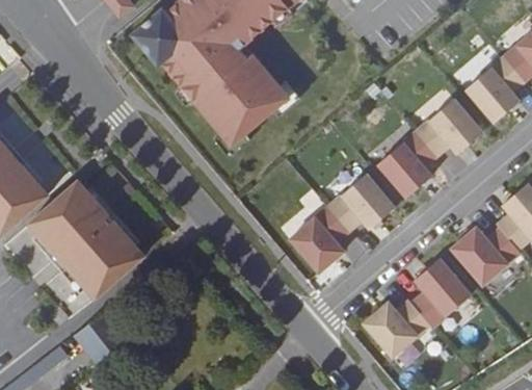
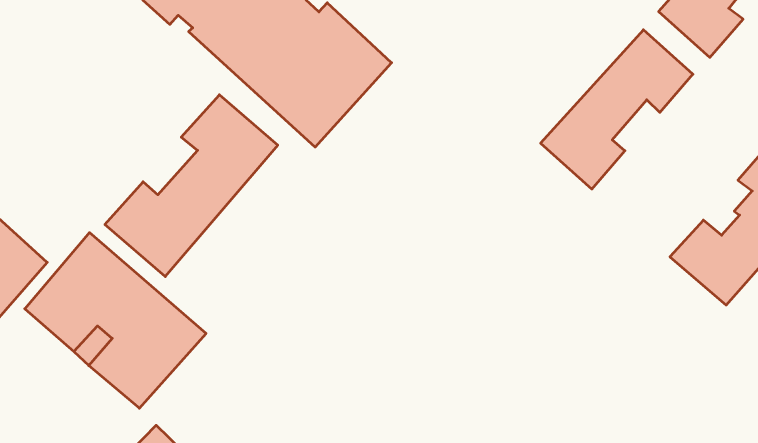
building: none -> [105,95,278,277]
building: [290,174,395,272] -> none
building: [364,259,471,357] -> none

